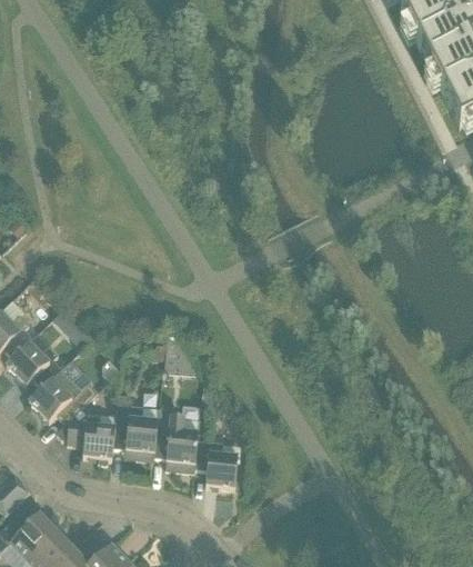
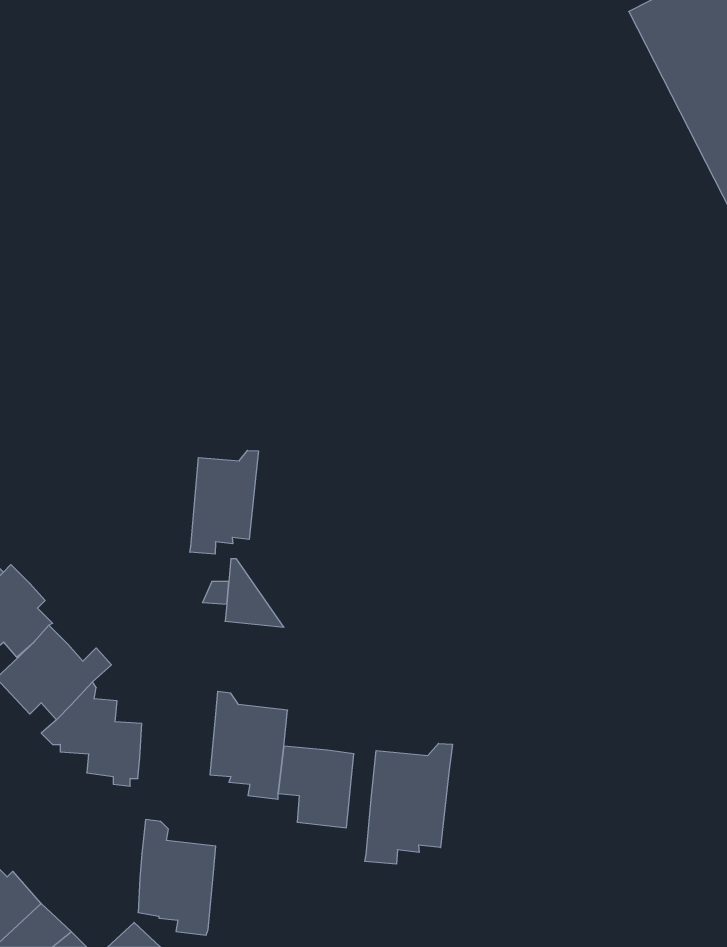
building: none -> [190,450,258,554]
building: [112,392,158,460] -> [138,820,216,935]
building: none -> [365,743,452,864]

